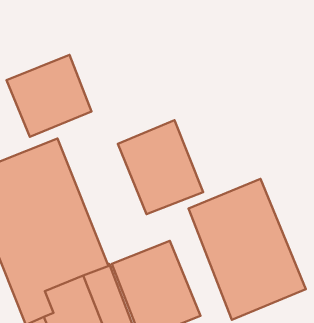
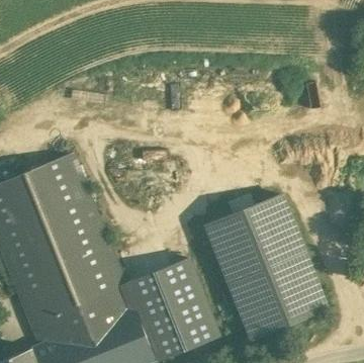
building: [6,55,92,137] -> none
building: [118,120,203,214] -> none

